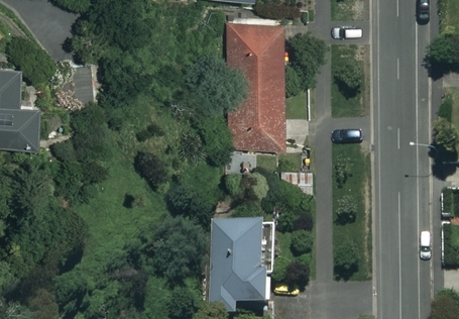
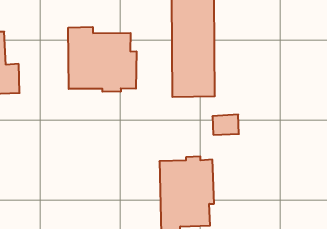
building: none -> [68,27,136,92]

